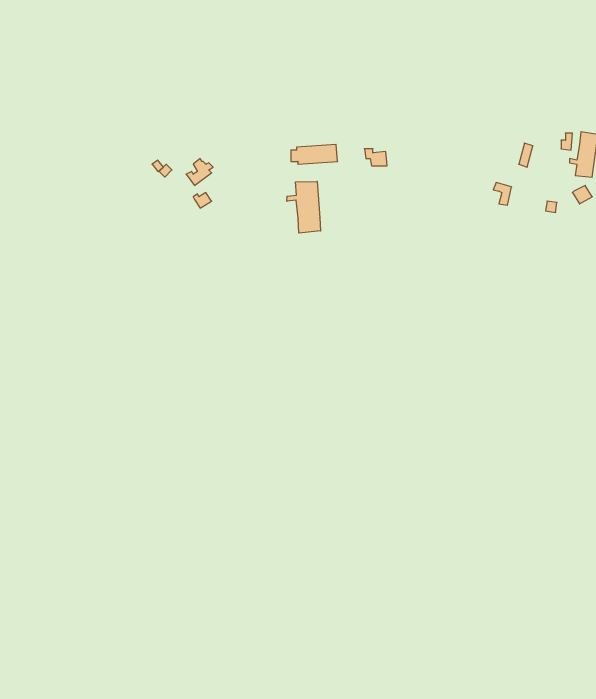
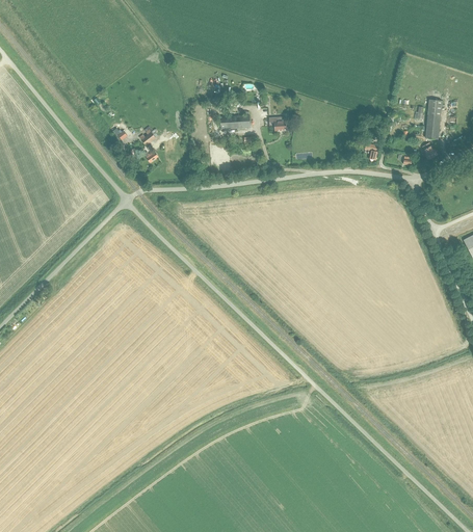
building: [287,181,321,233] -> none

